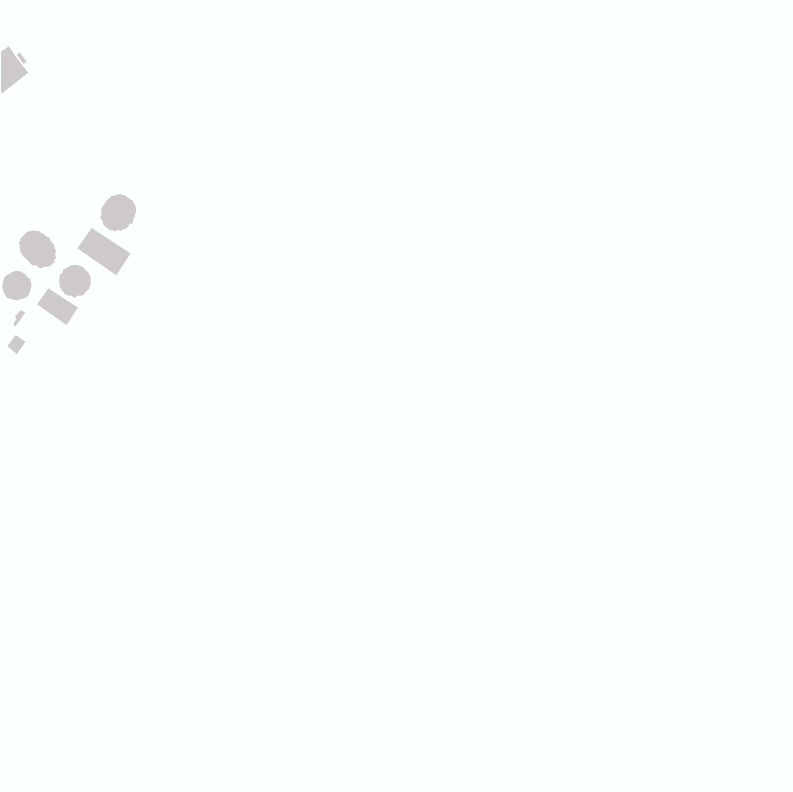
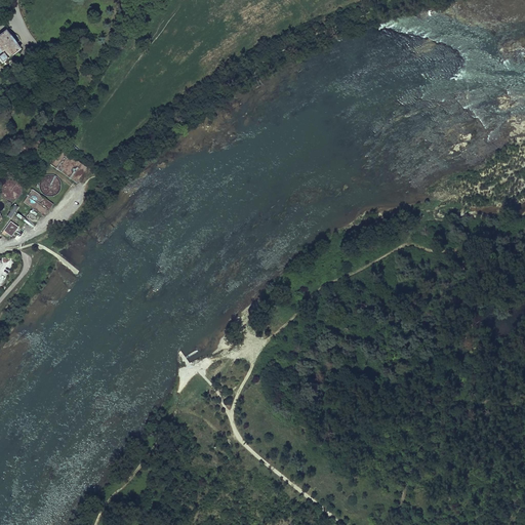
building: [99,193,137,232] -> none
building: [18,230,58,269] -> none

